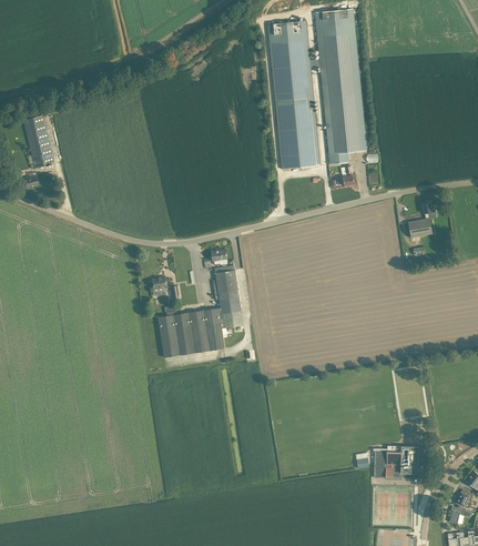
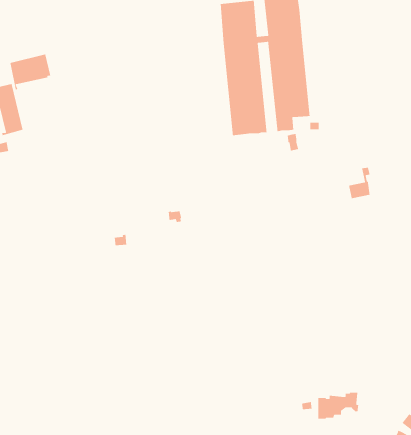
building: none -> [9,54,51,90]
building: [157,265,243,356] -> none

